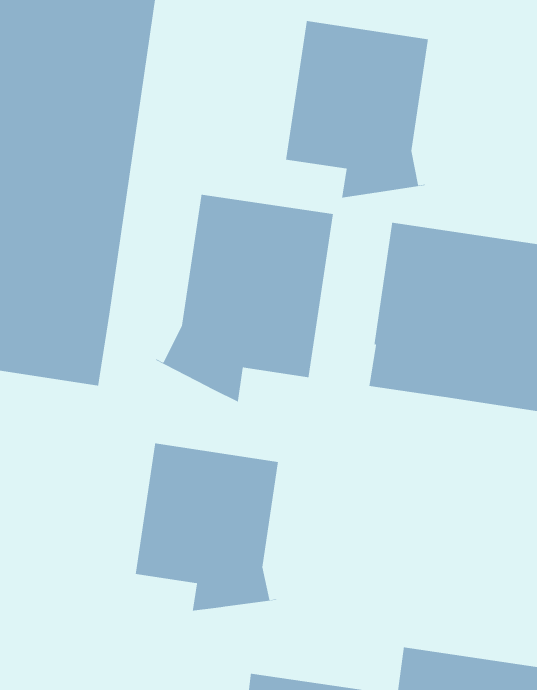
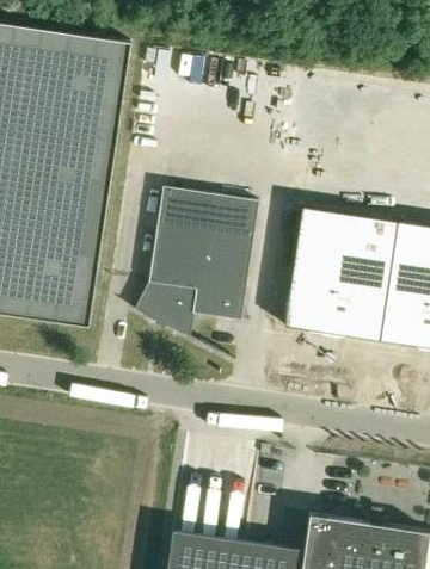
building: [285,20,429,198] -> none
building: [135,443,279,612] -> none

